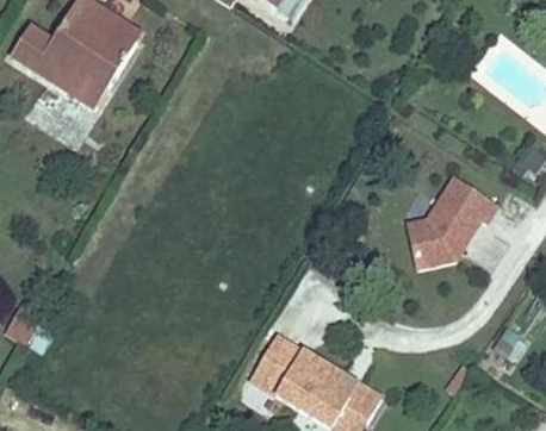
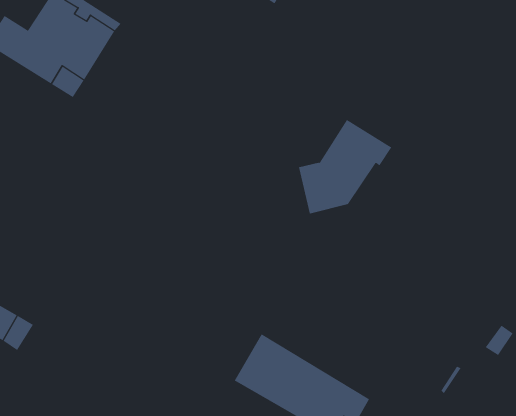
building: [405,177,496,269] -> [298,119,392,214]

